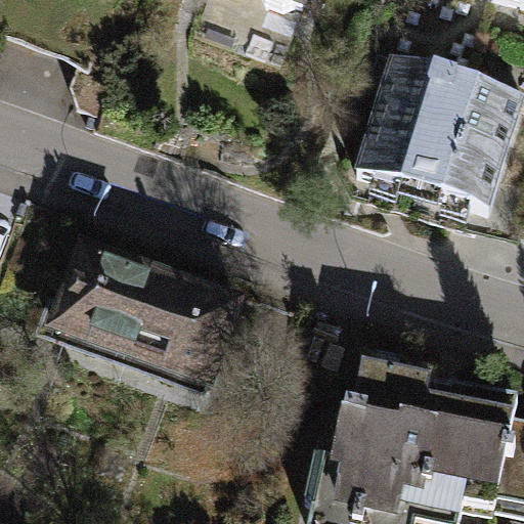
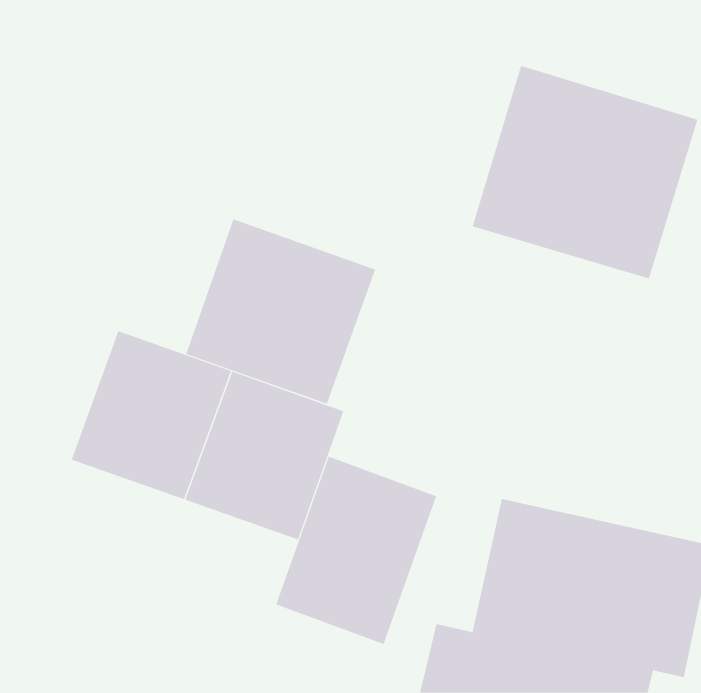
building: none -> [185,219,376,404]
building: none -> [276,456,437,645]

